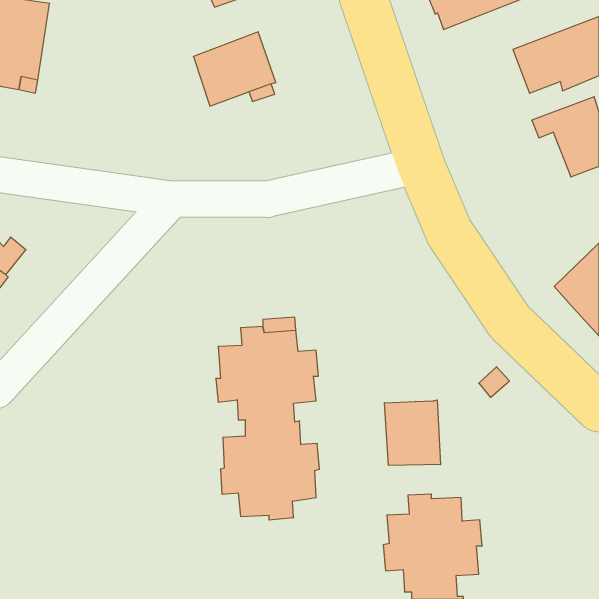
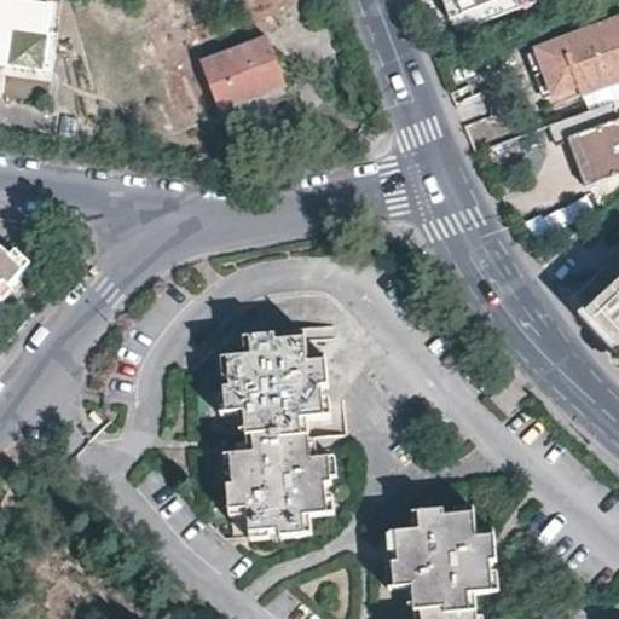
building: [384,400,441,465] -> none

